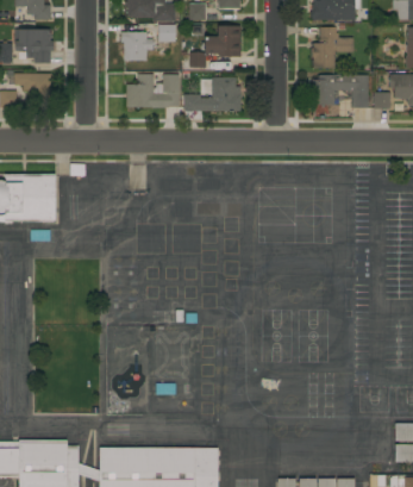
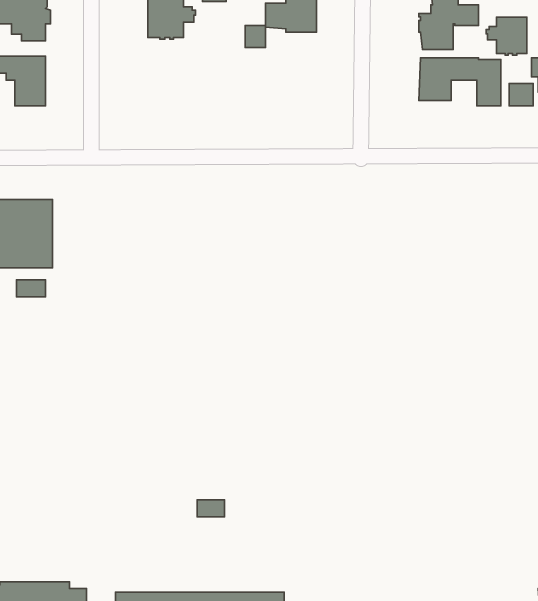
building: none -> [486,17,527,55]
building: [127,74,180,108] -> none
building: [184,77,242,111] -> none

